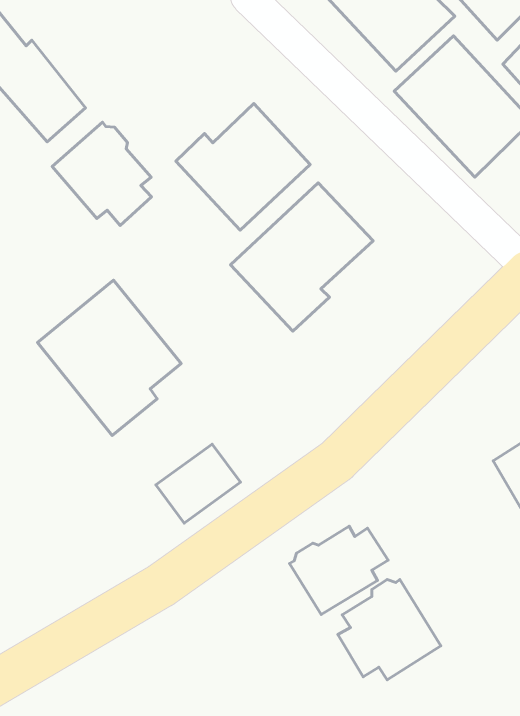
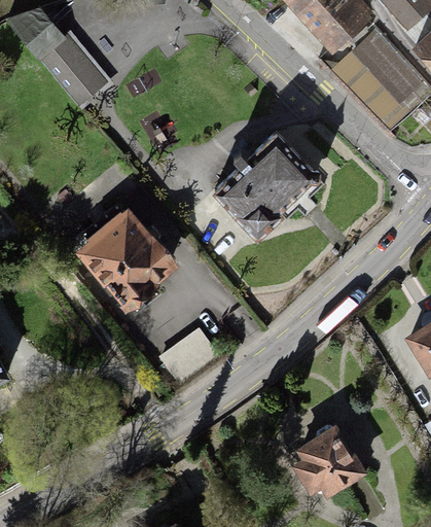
building: [176,104,310,230] -> none
building: [52,122,152,225] -> none
building: [290,526,388,615] -> none

